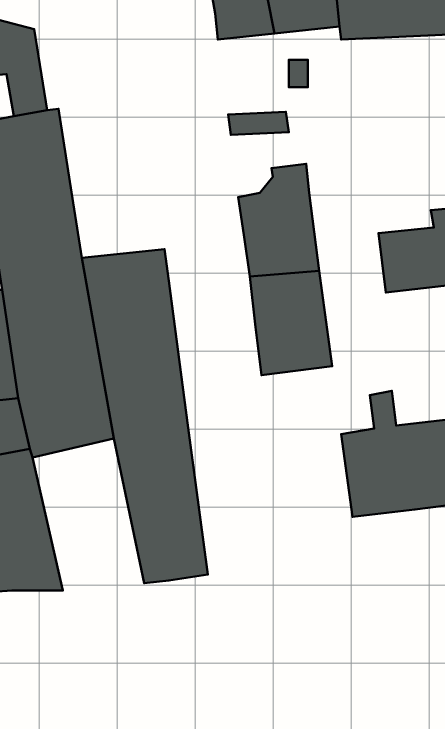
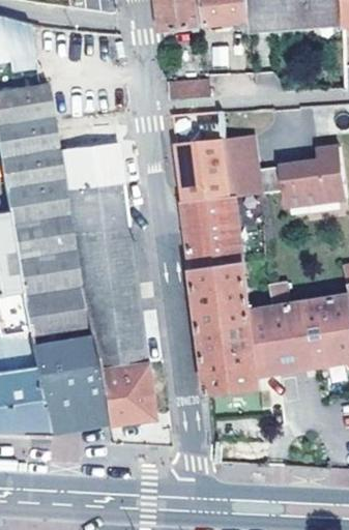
building: none -> [226,138,259,197]
building: none -> [57,140,122,187]
building: none -> [192,265,259,398]
building: none -> [28,317,108,428]

